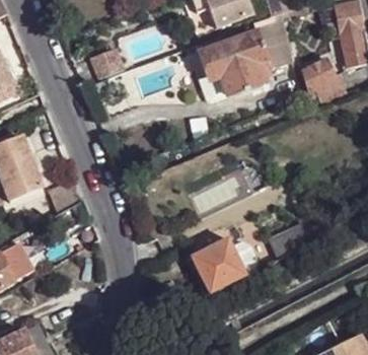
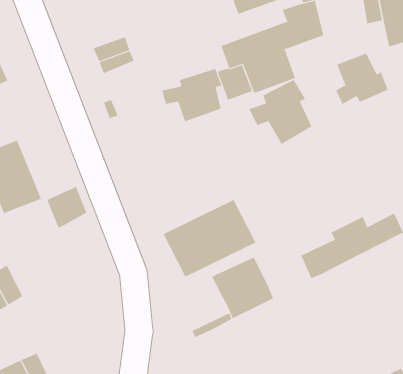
building: none -> [162,68,222,122]
building: none -> [249,79,312,145]
building: none -> [163,199,256,277]

